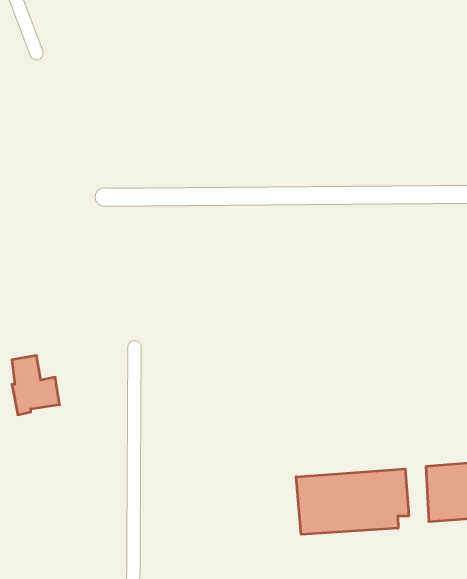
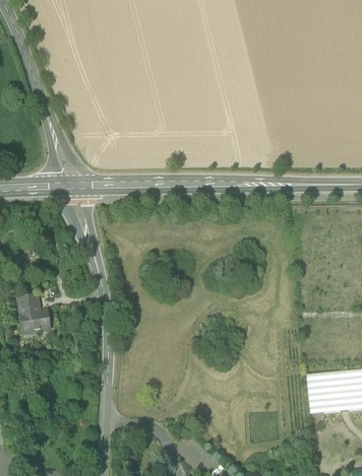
building: [296,469,409,534] -> none

